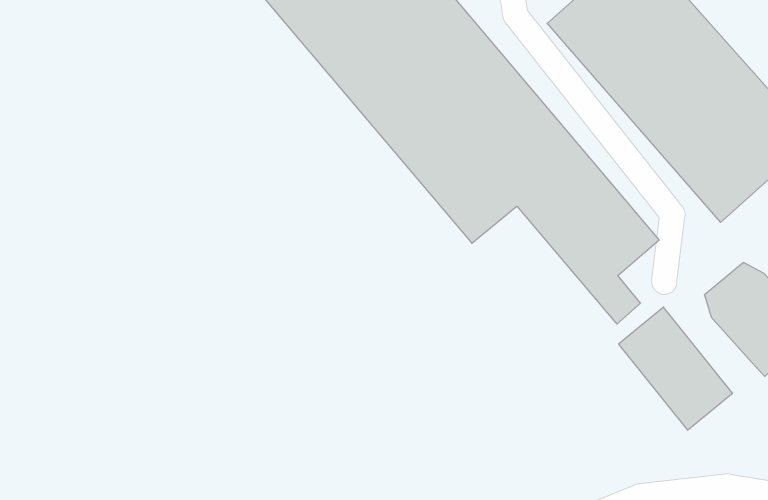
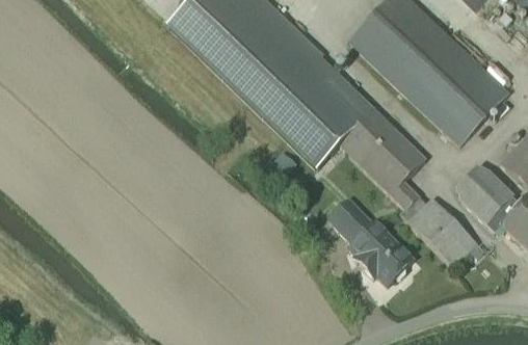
building: none -> [327,198,412,284]

